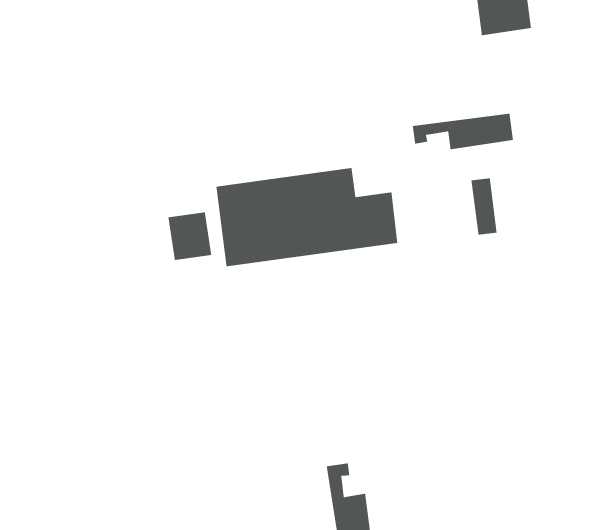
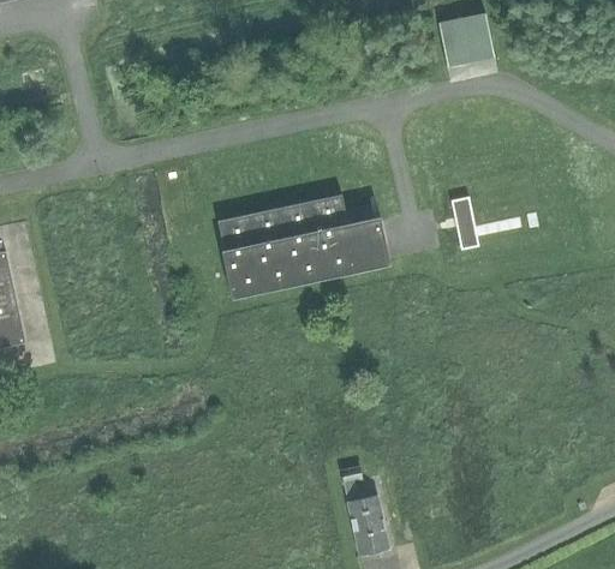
building: [412,113,514,150] -> none
building: [167,211,212,261] -> none

